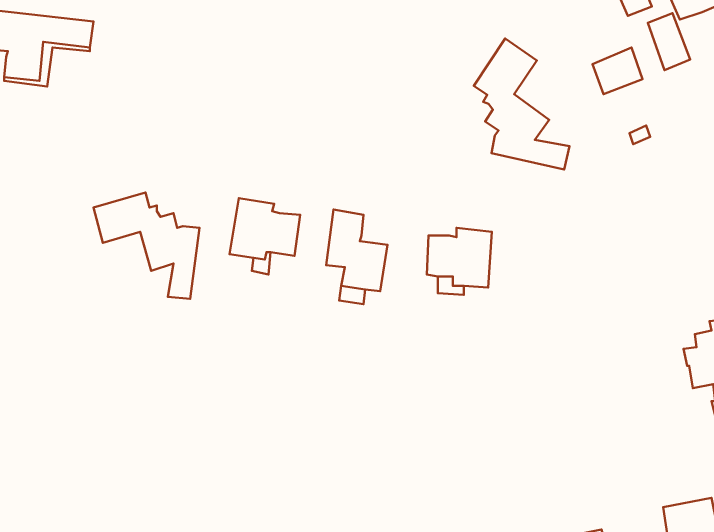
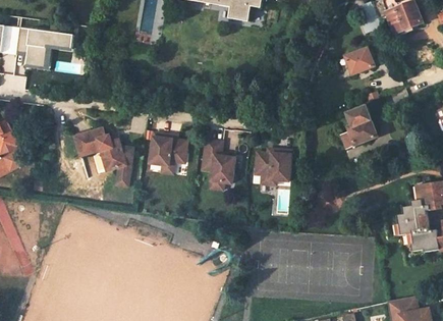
building: [648,13,690,70] -> none
building: [474,38,570,169] -> none
building: none -> [342,107,378,149]

